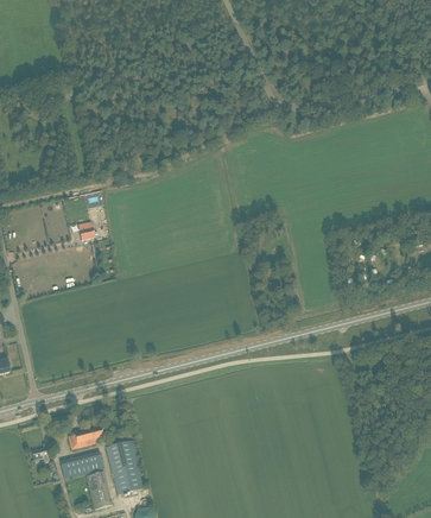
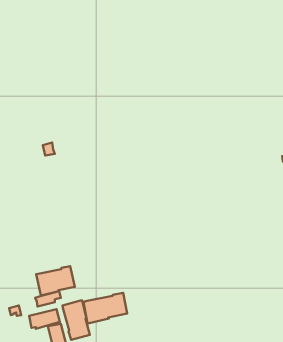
building: none -> [36,266,75,296]
building: none -> [83,293,127,323]

